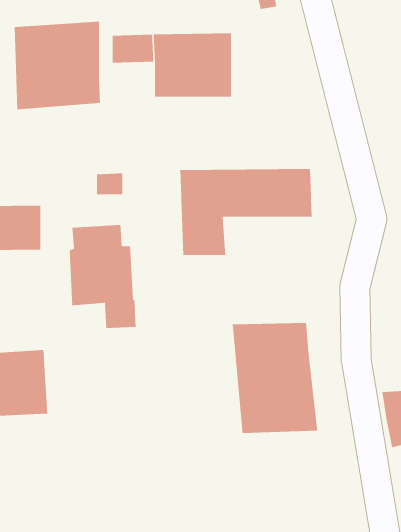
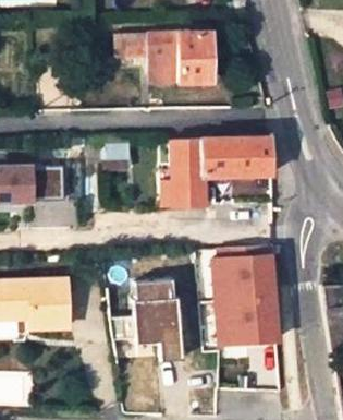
building: [14,21,101,110] -> none
building: [69,224,137,329] -> [131,279,183,360]

